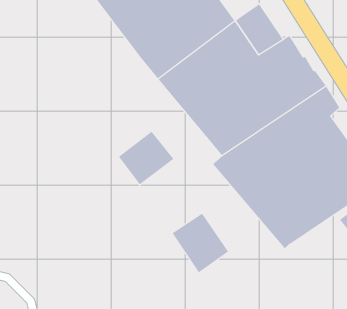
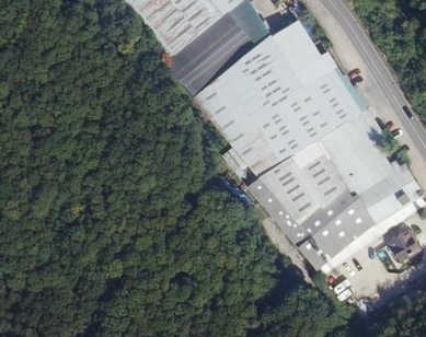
building: [118,131,174,185] -> none
building: [172,213,229,273] -> none

